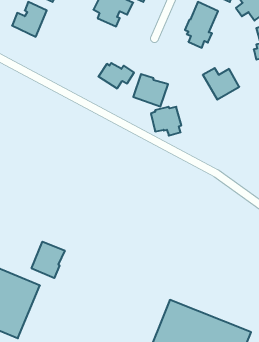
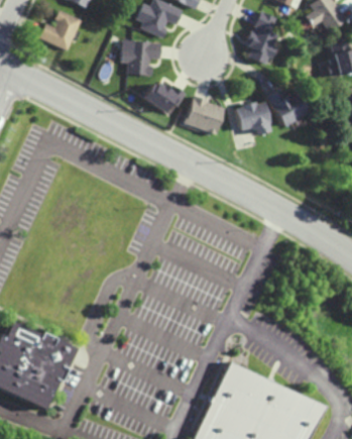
building: none -> [119,39,160,77]
building: [151,107,181,136] -> [235,101,271,135]
building: [32,242,65,278] -> none

